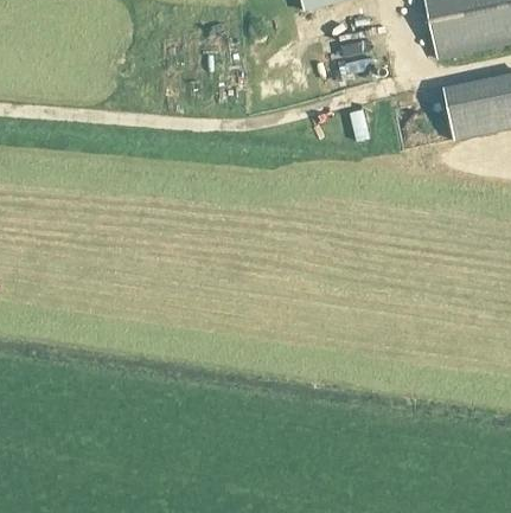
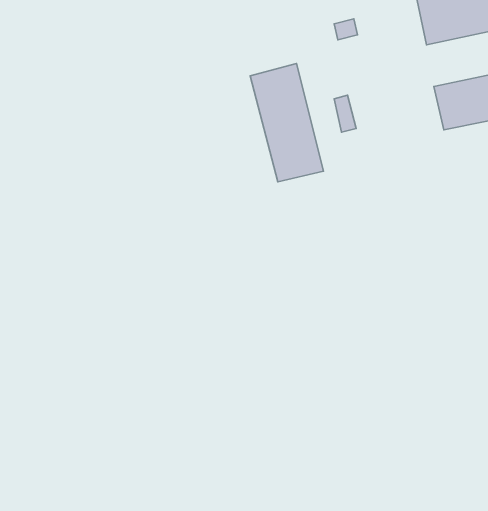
building: none -> [250,63,323,182]

